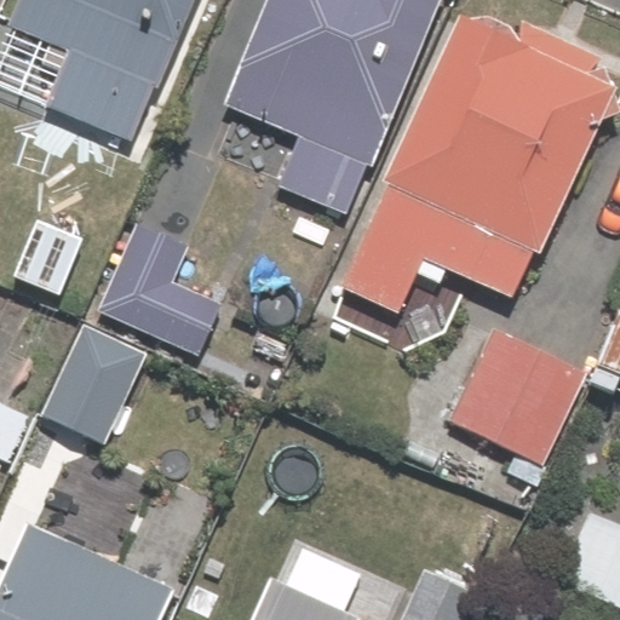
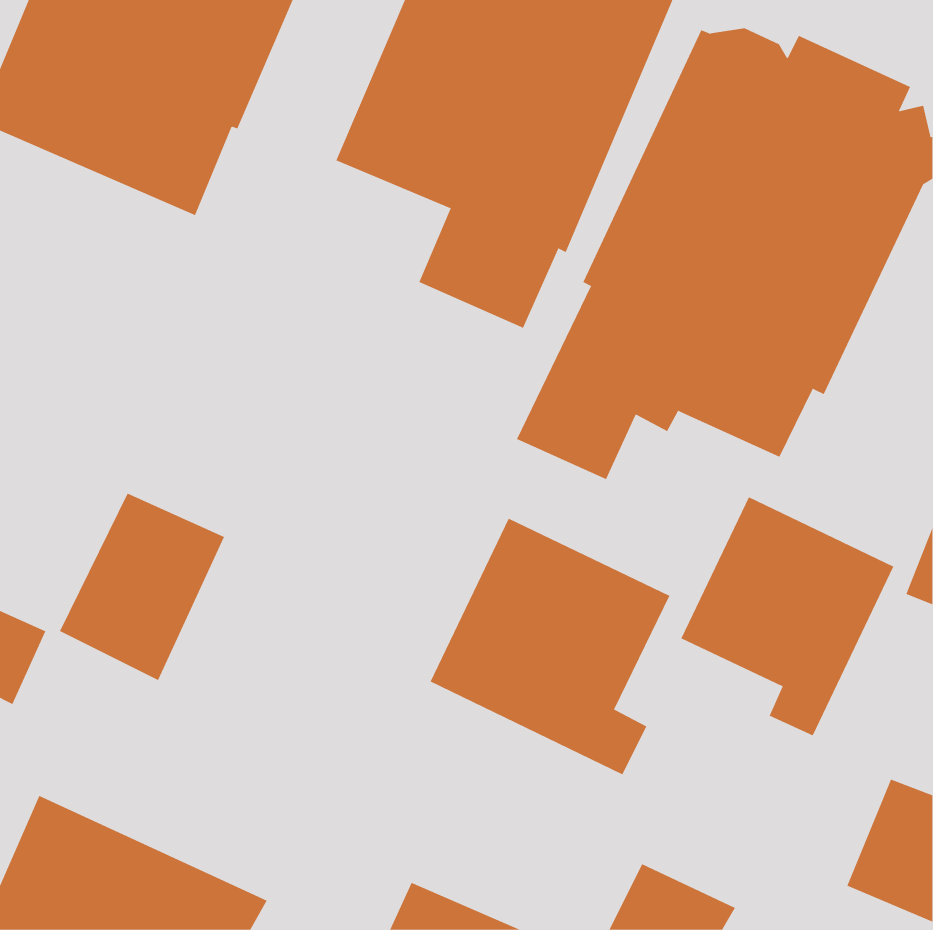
building: [94,222,220,356] -> none
building: none -> [430,518,670,775]

